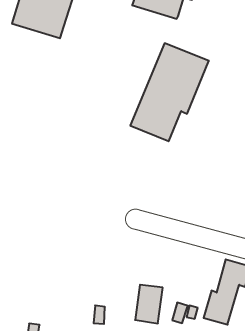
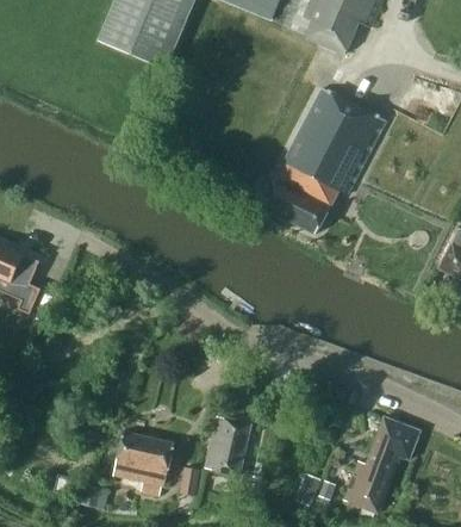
building: [135,285,163,323] -> [204,417,249,477]
building: none -> [112,432,173,496]

